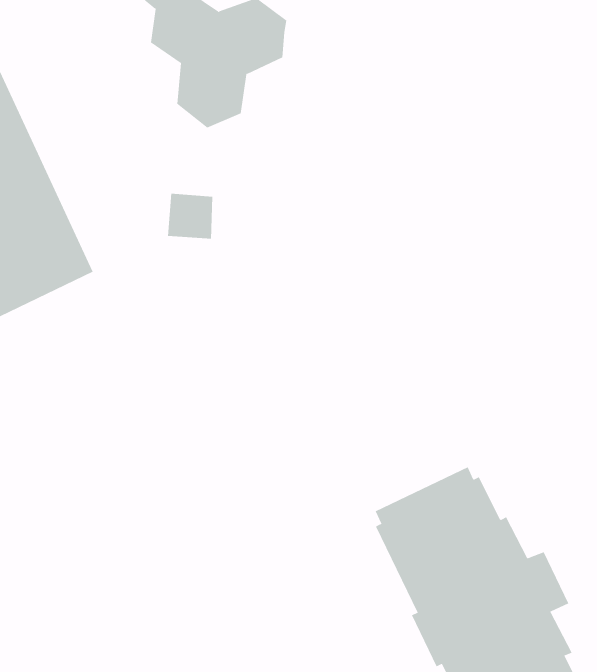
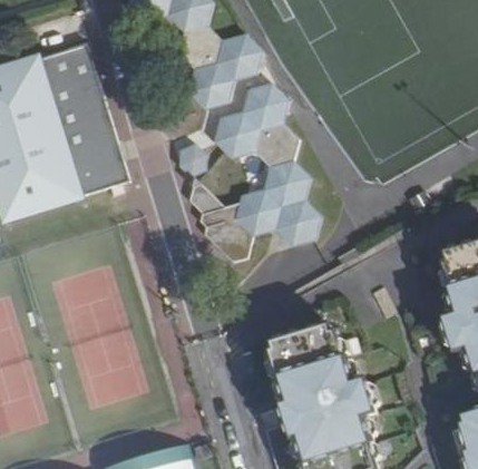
building: none -> [189,85,318,260]

